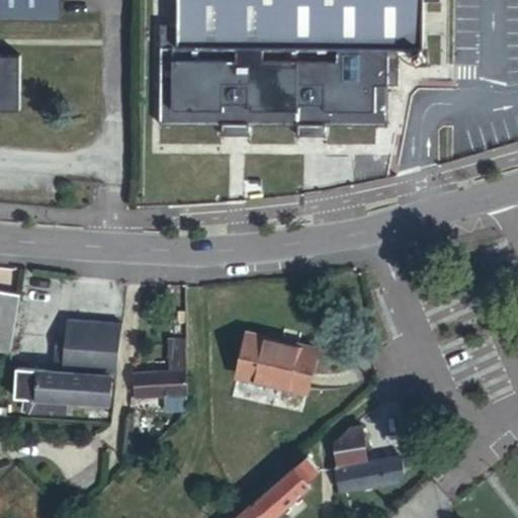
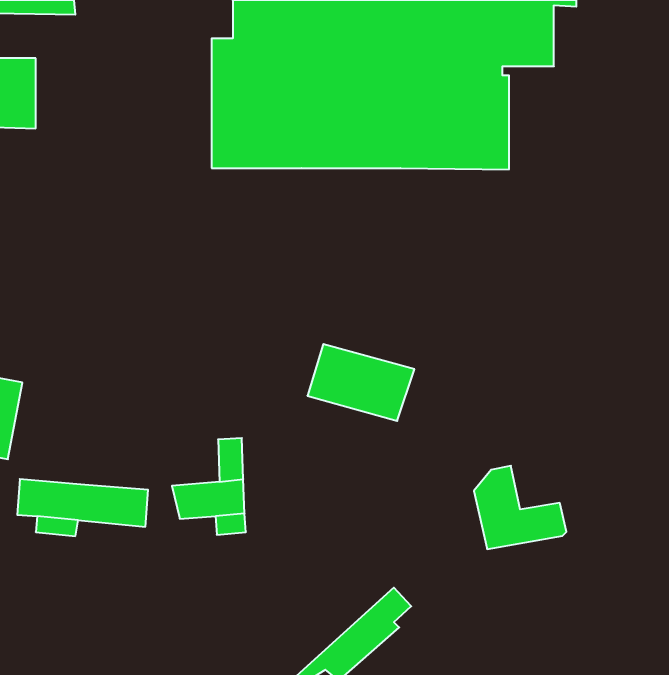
building: [62,319,120,376] -> none
building: [224,332,306,391] -> [307,344,414,421]
building: [331,423,402,487] -> [474,466,566,549]

